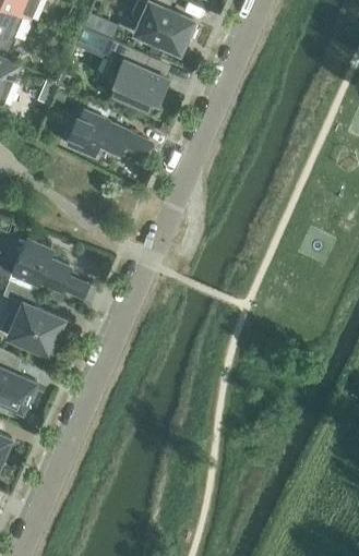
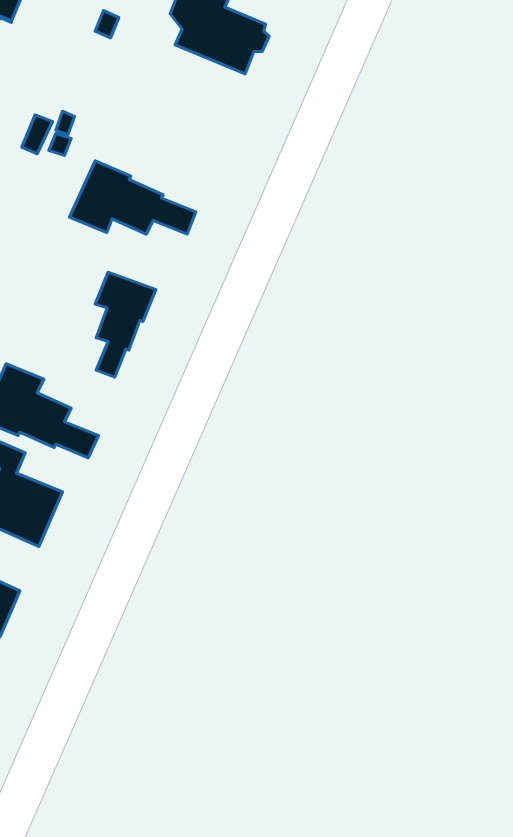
building: [73,27,167,114] -> none
building: none -> [95,272,156,377]

